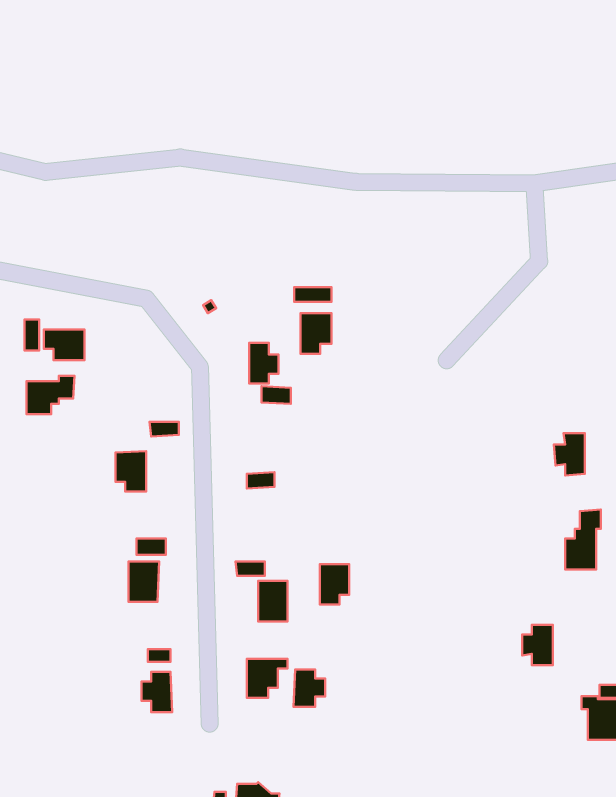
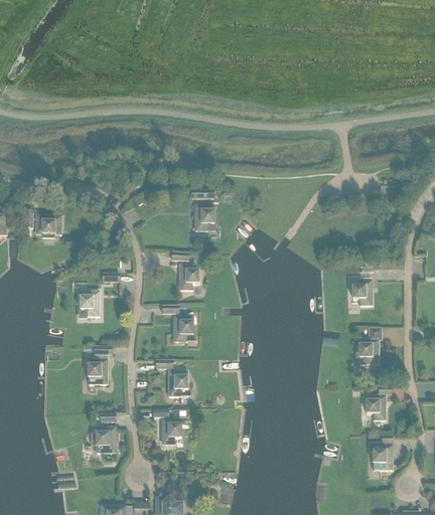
building: [249,343,278,384] -> [179,265,197,290]
building: [26,376,75,414] -> none
building: [320,564,349,605] -> [173,316,191,341]
building: [522,625,553,665] -> [366,395,385,420]
building: [293,670,325,707] -> none

